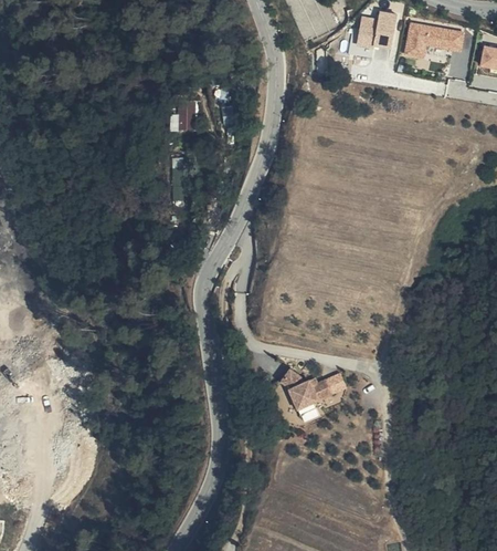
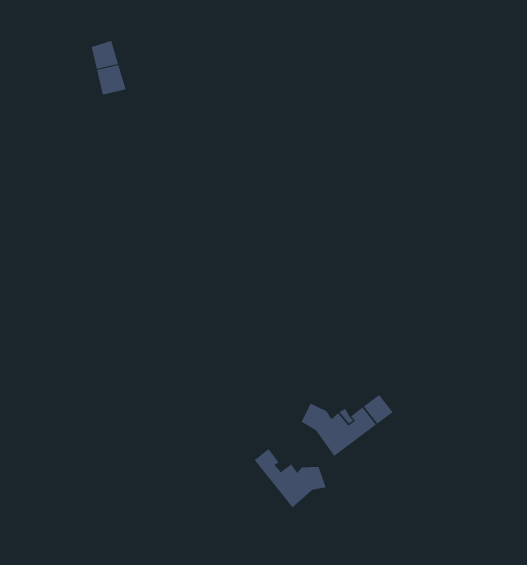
building: none -> [254,448,326,508]

